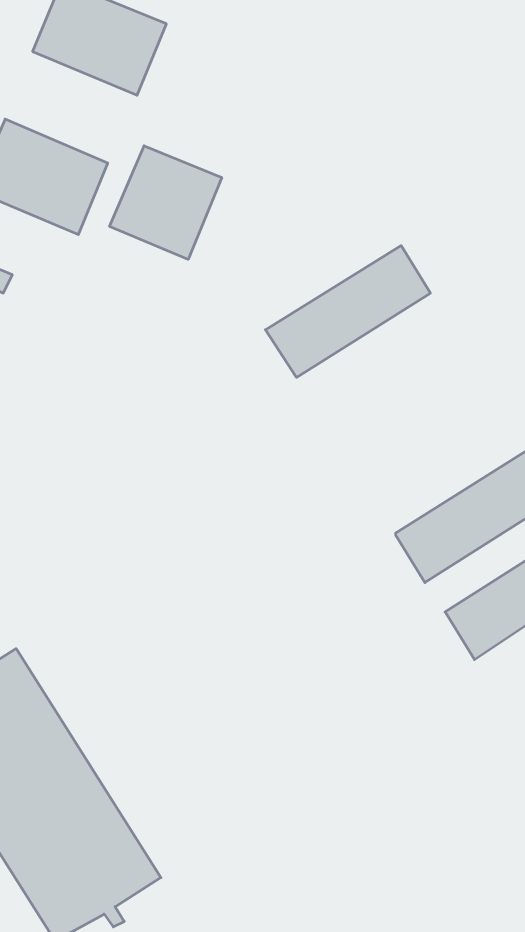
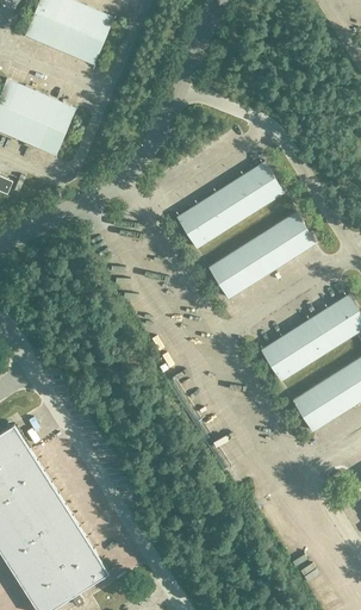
building: [110,146,222,259] -> none
building: none -> [208,212,316,298]

